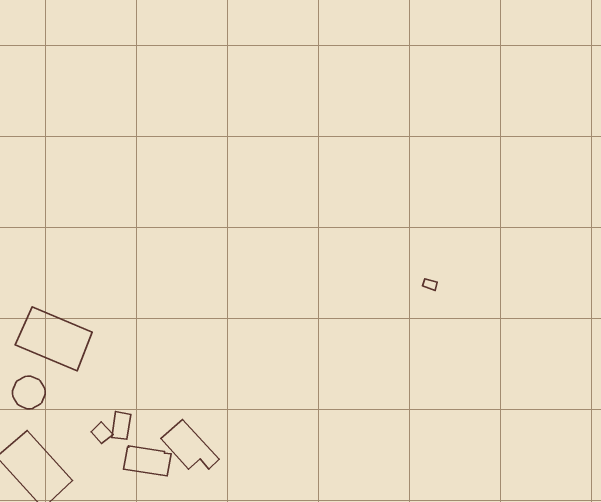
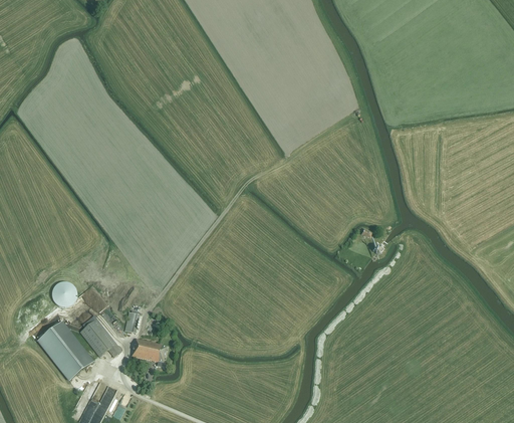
building: [15,307,92,371] -> none
building: [161,419,219,469] -> [79,319,121,357]

